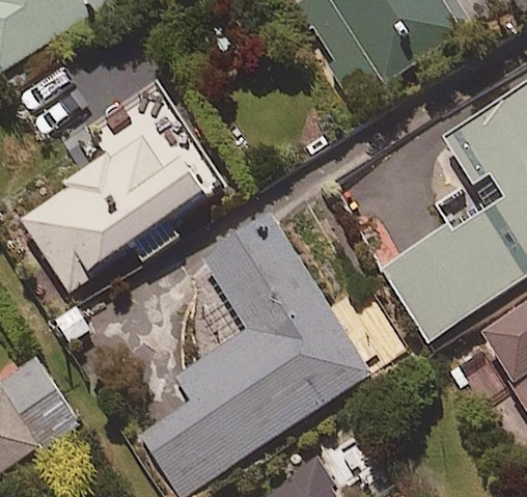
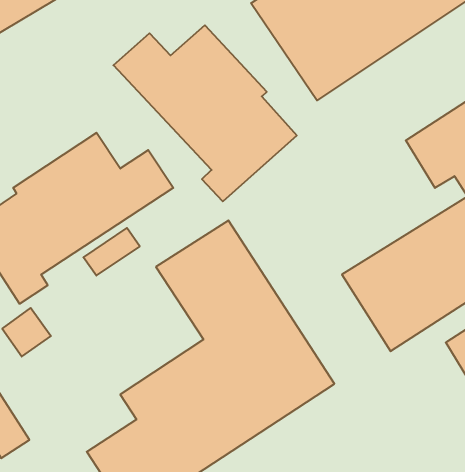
building: none -> [113,25,297,201]

